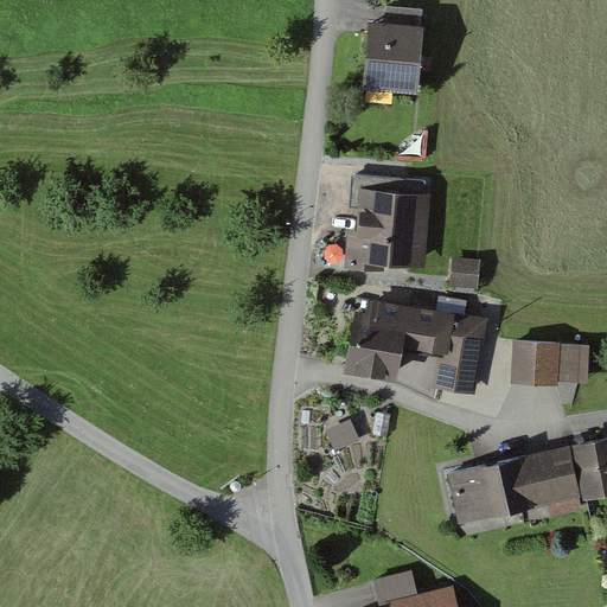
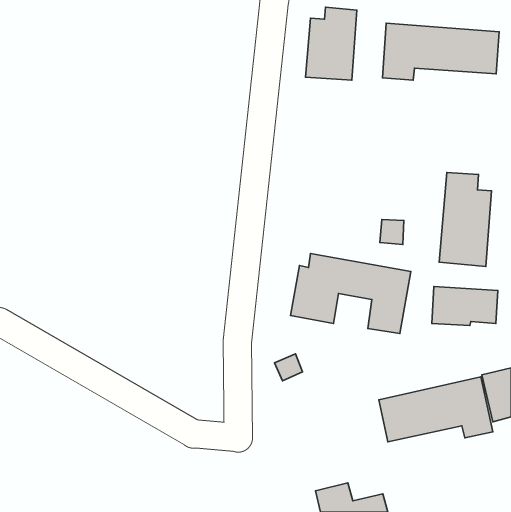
building: none -> [382,23,499,80]
building: [345,173,430,270] -> none
building: none -> [439,173,492,267]

